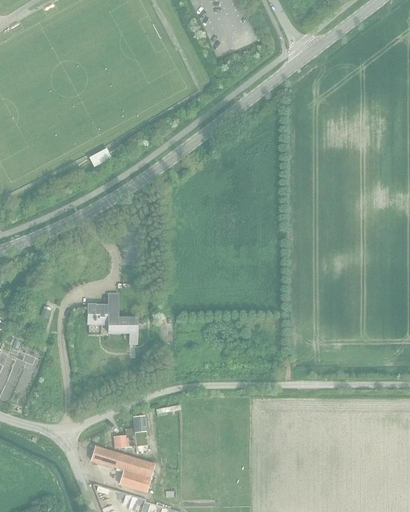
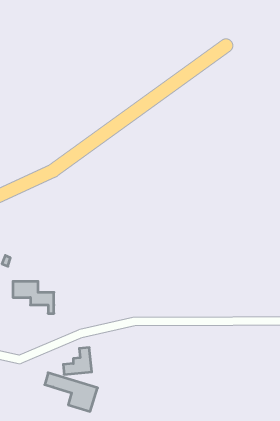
building: [86,304,135,342] -> [13,281,54,313]

